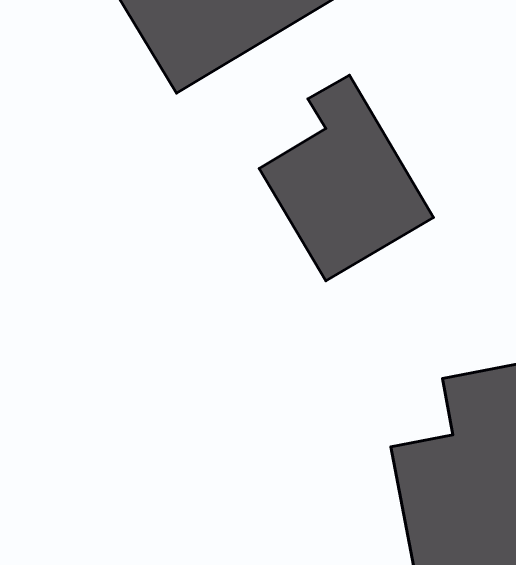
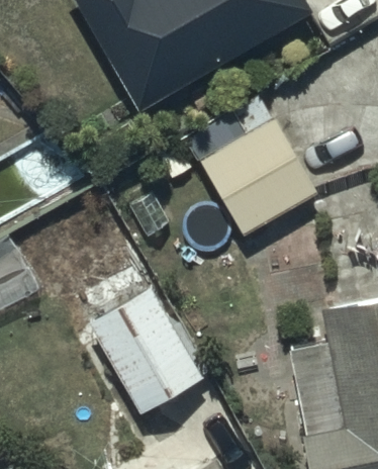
building: none -> [91,300,205,425]

